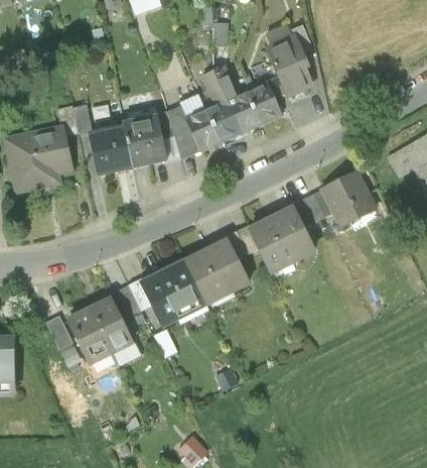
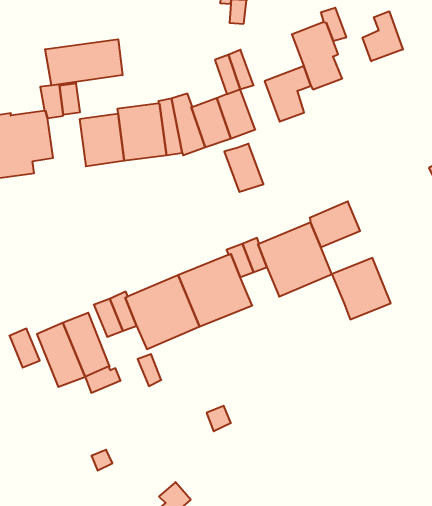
building: none -> [362,11,403,61]
building: none -> [45,39,122,85]
building: [226,91,261,132] -> [224,144,264,192]
building: [323,171,375,225] -> [332,258,391,319]

